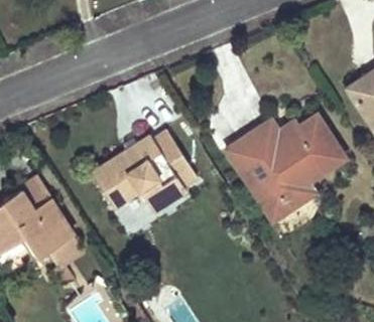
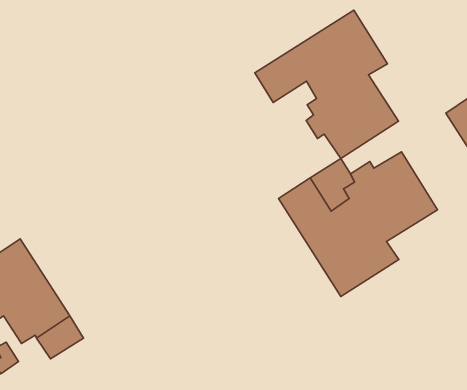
building: none -> [255,10,398,159]
building: [92,126,197,209] -> none

